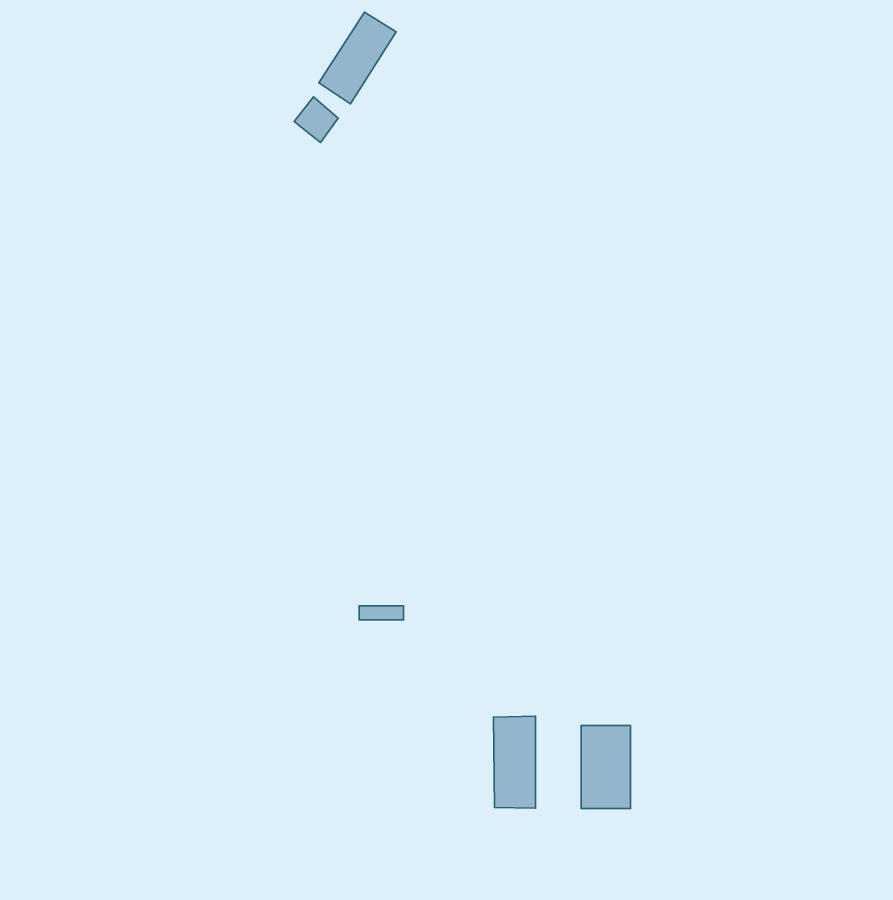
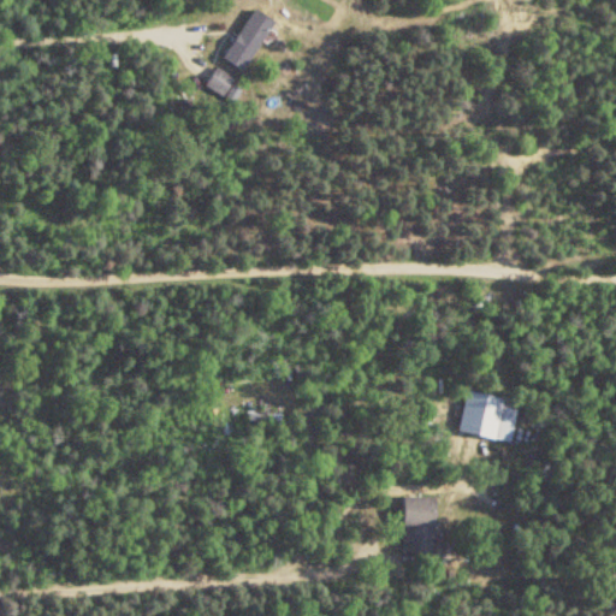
building: none -> [467,392,505,439]
building: [493,716,536,808] -> none

